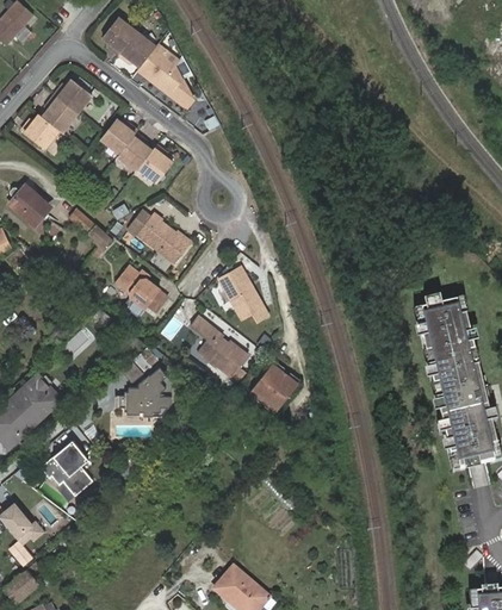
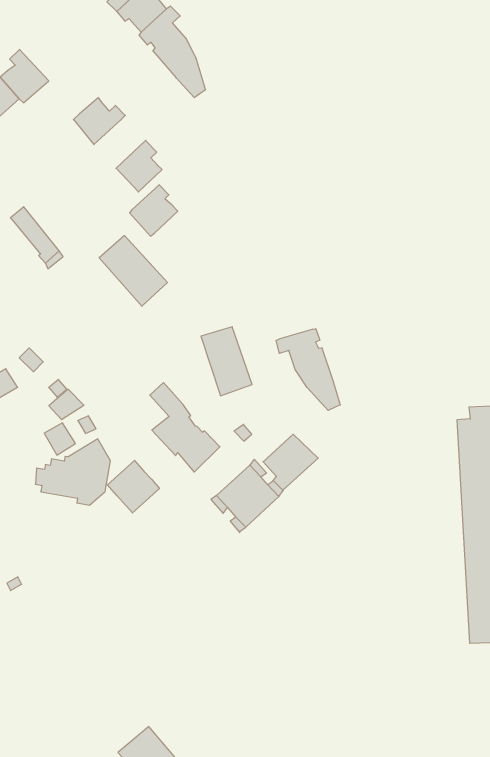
building: [54,79,94,113] -> none
building: [118,132,153,170] -> [130,185,178,236]
building: none -> [276,329,340,410]
building: [116,264,167,311] -> none
building: none -> [263,434,318,490]
building: none -> [107,460,159,513]

